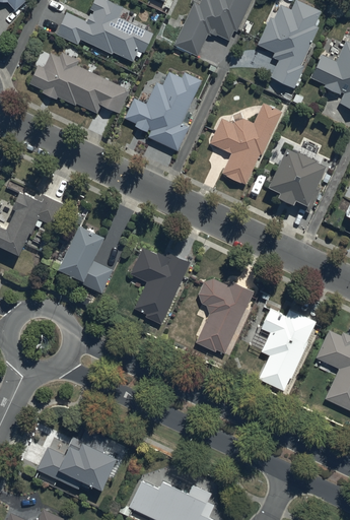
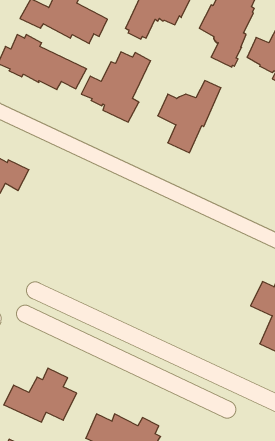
building: [268,146,325,212] -> none
building: [59,221,113,292] -> none
building: [130,247,190,324] -> none
building: [197,279,253,354] -> none
building: [258,309,316,390] -> none

